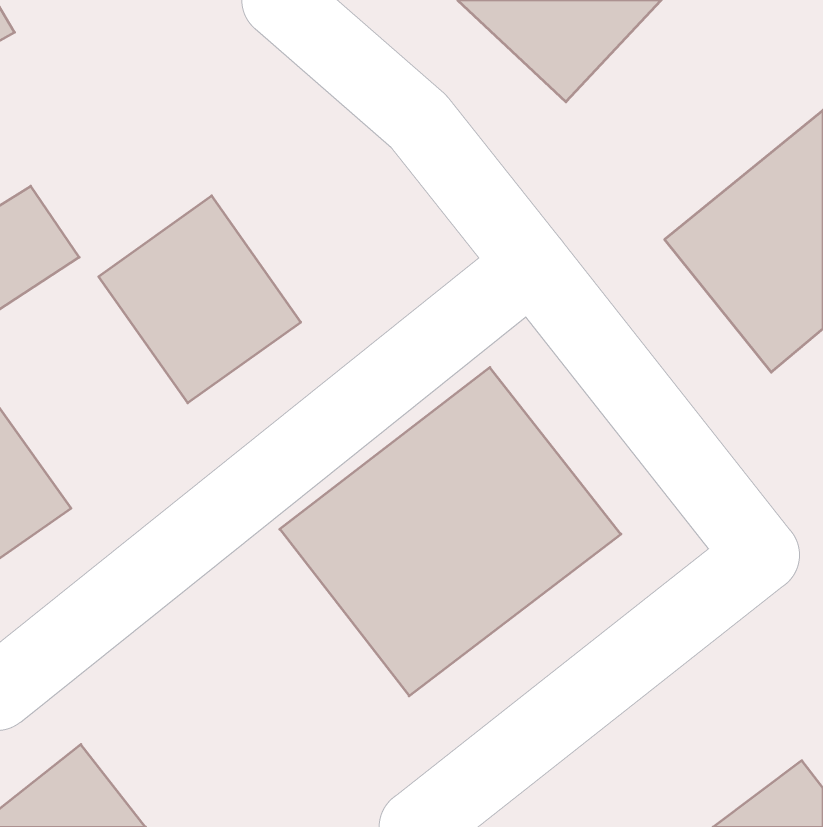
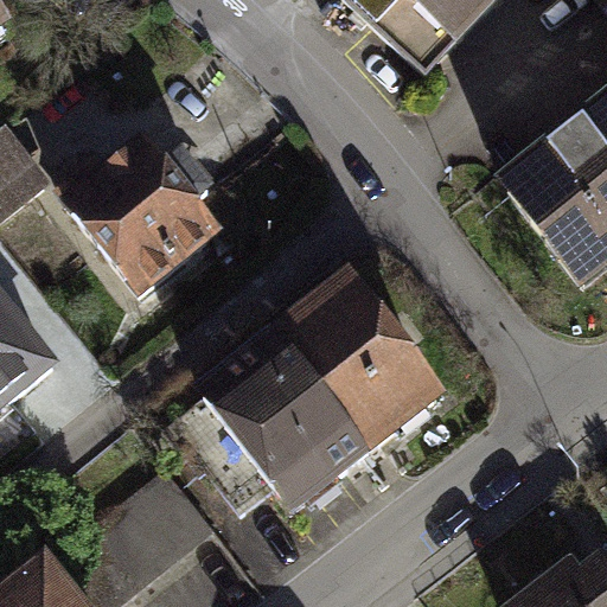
building: none -> [110,479,217,582]

